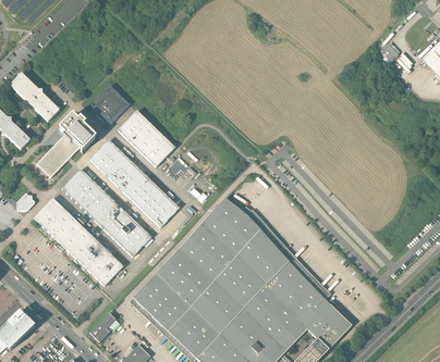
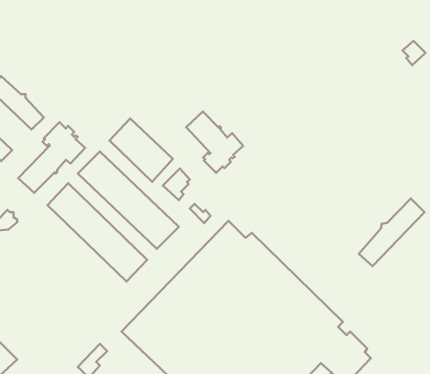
building: [91,85,130,123] -> none
building: none -> [186,112,243,173]
building: none -> [359,198,424,266]
building: [34,197,123,284] -> none

